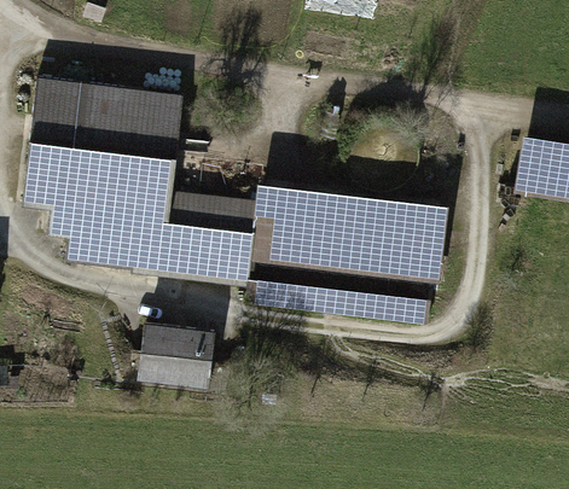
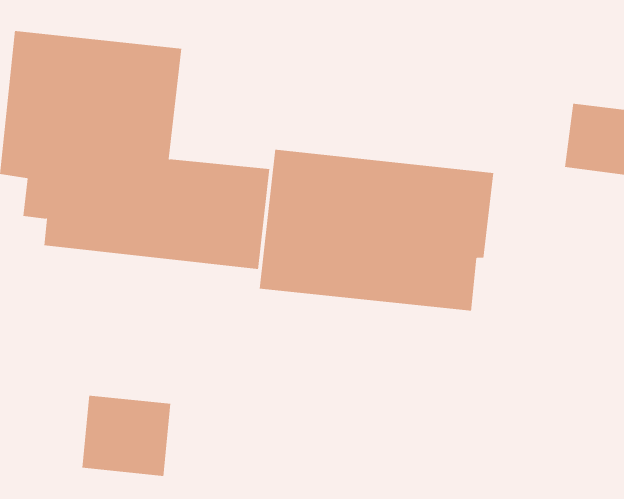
building: [133,324,210,394] -> [82,395,171,476]

